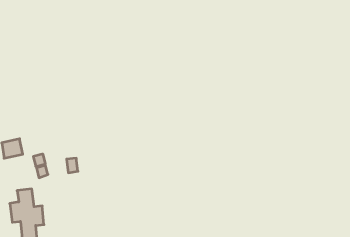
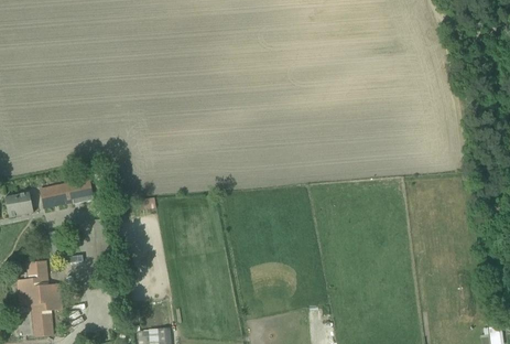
building: none -> [39,178,94,208]

